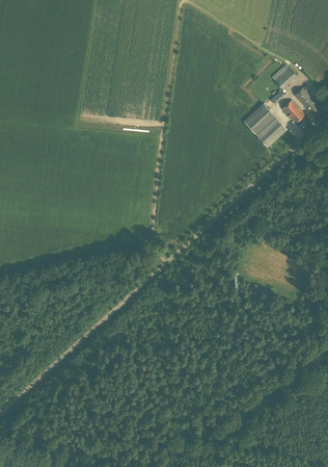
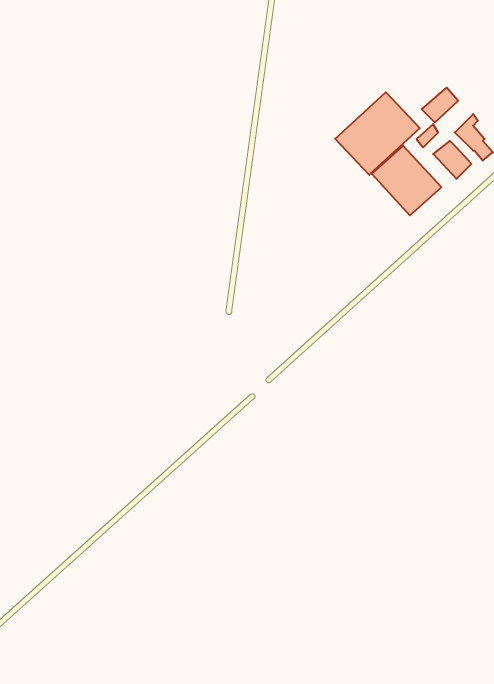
building: none -> [335,92,420,175]

